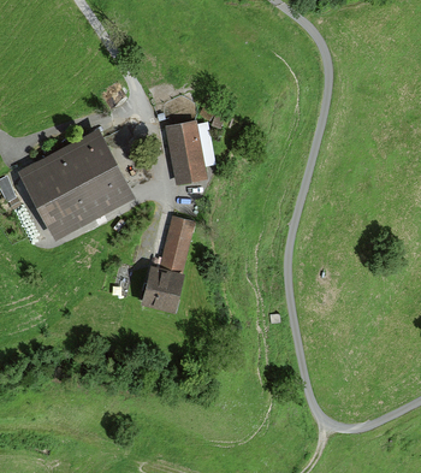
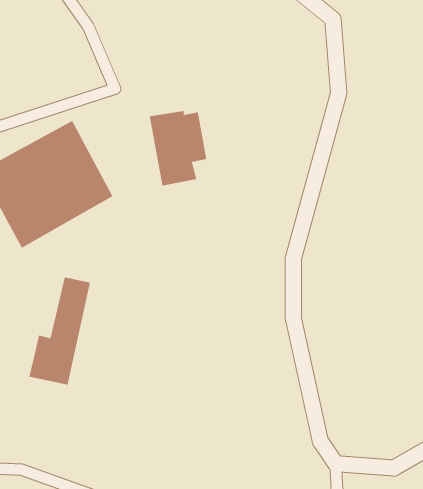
building: [142,218,195,311] -> [29,277,91,386]

